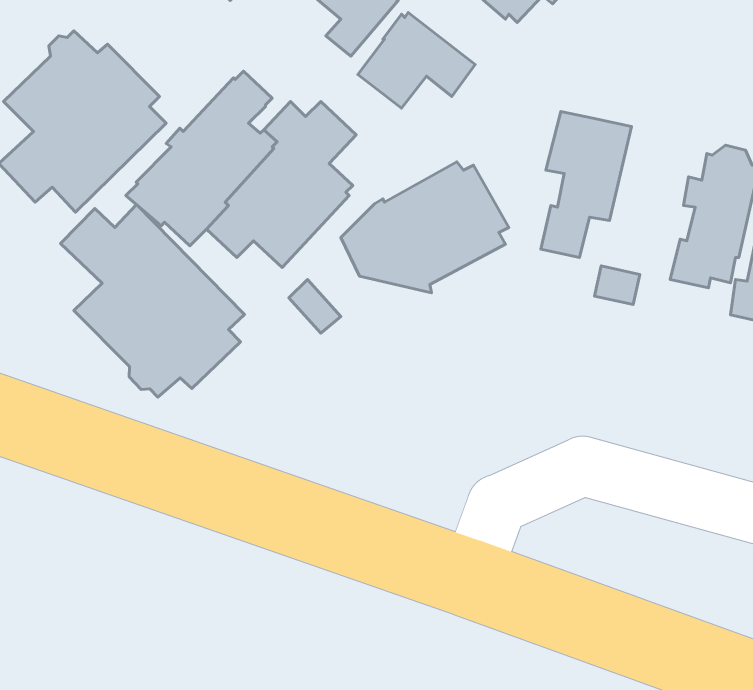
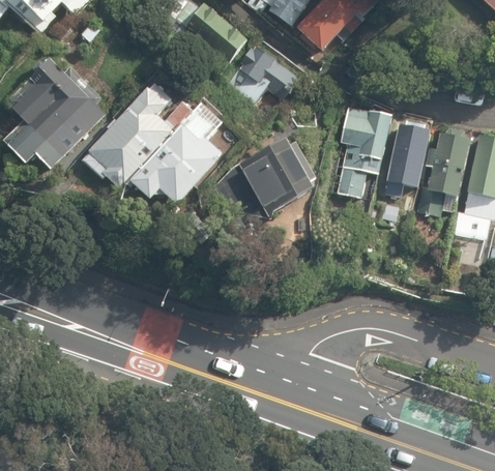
building: none -> [384,119,431,196]
building: [60,204,244,397] -> none

